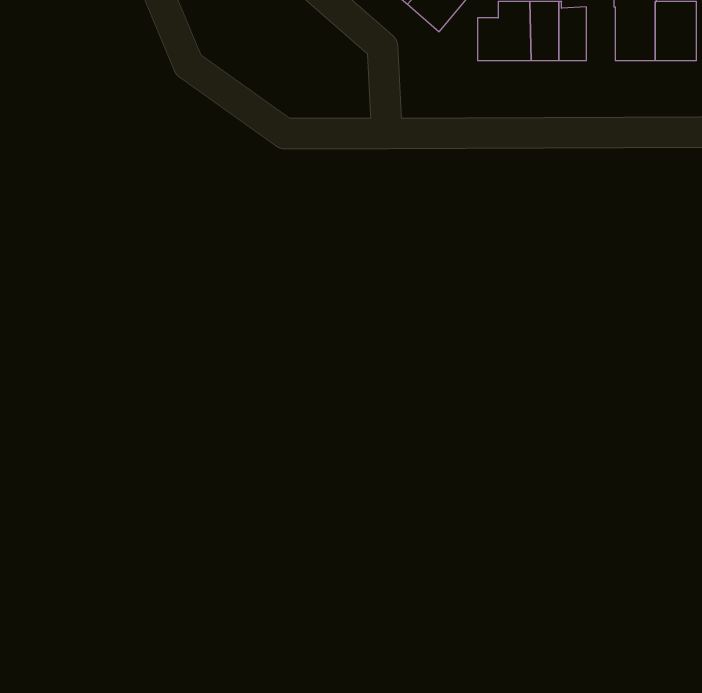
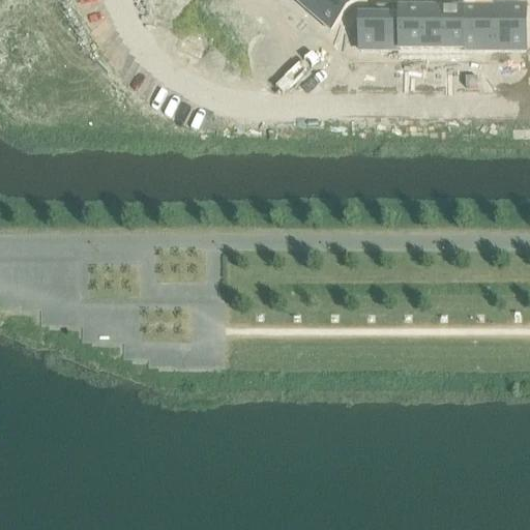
building: none -> [441,5,463,46]

